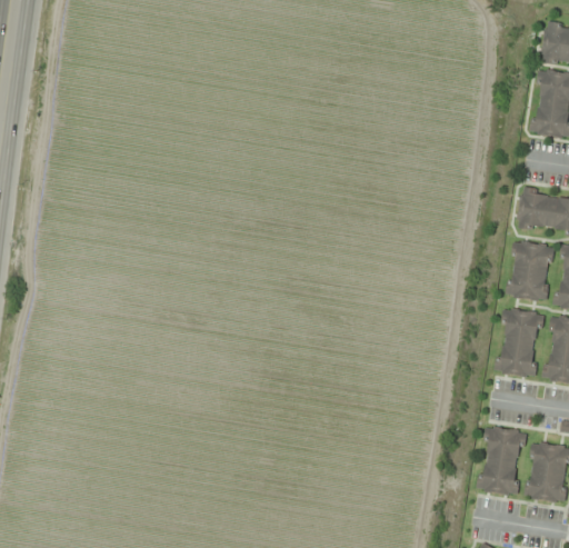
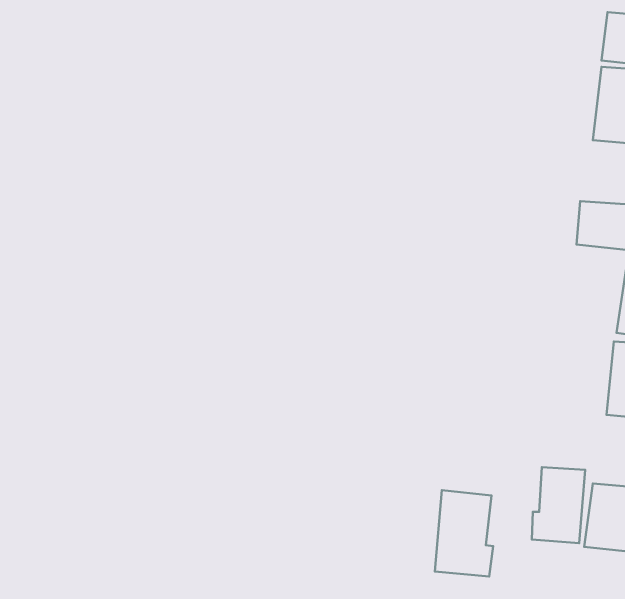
building: [508,239,556,301] -> none
building: [498,307,545,378] -> none
building: none -> [435,490,493,576]

